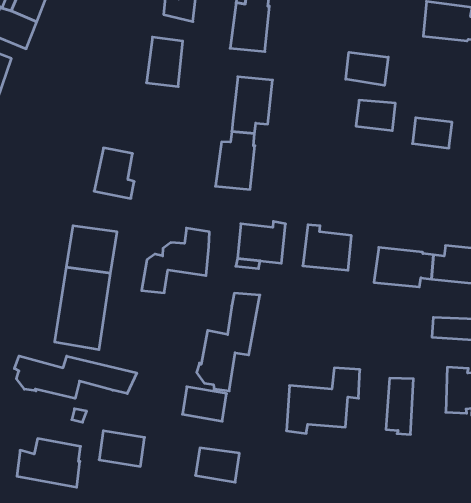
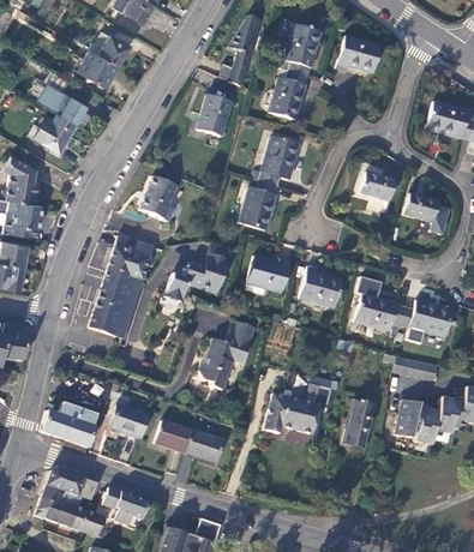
building: [346,52,388,85] -> none
building: [14,356,137,398] -> none
building: [182,387,227,421] -> [154,420,192,452]

